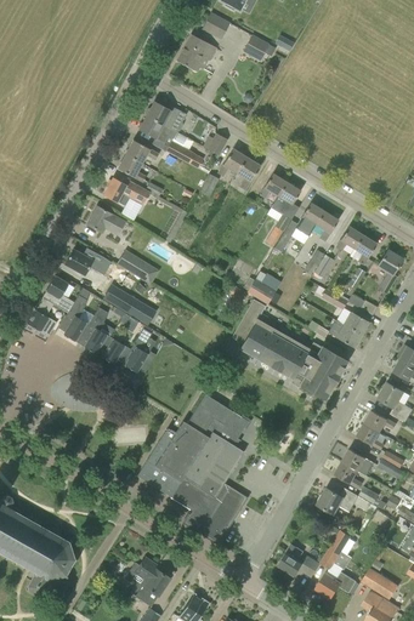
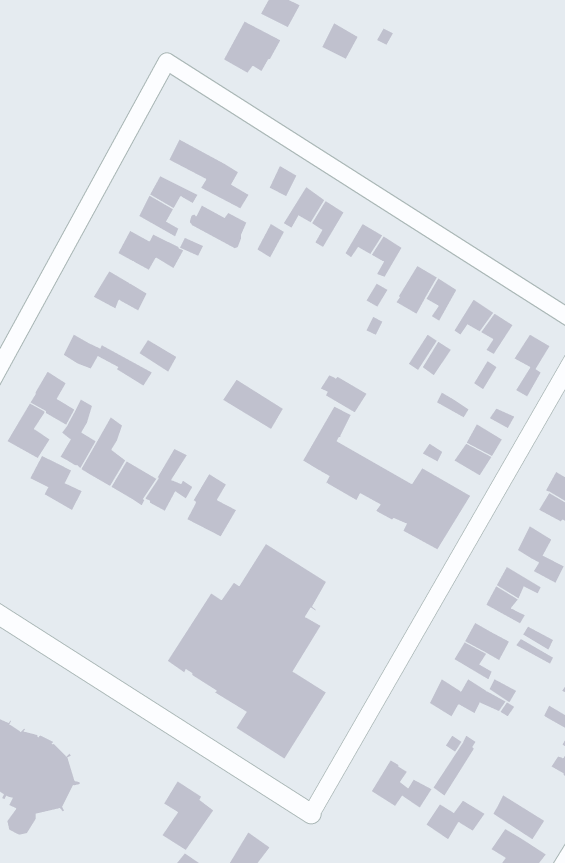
building: [146,102,186,132] -> [189,205,247,249]
building: [102,284,144,319] -> [222,379,284,430]
building: none -> [29,455,83,511]
building: none -> [187,473,237,537]

